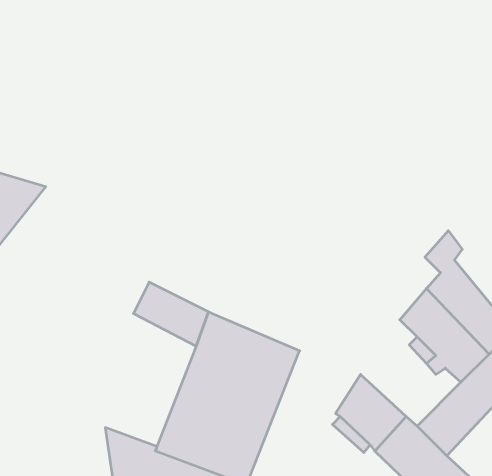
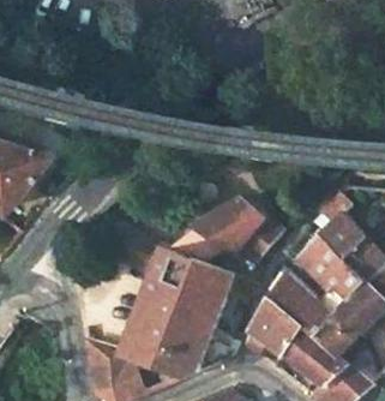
building: none -> [192,196,278,261]
building: none -> [277,270,354,335]

